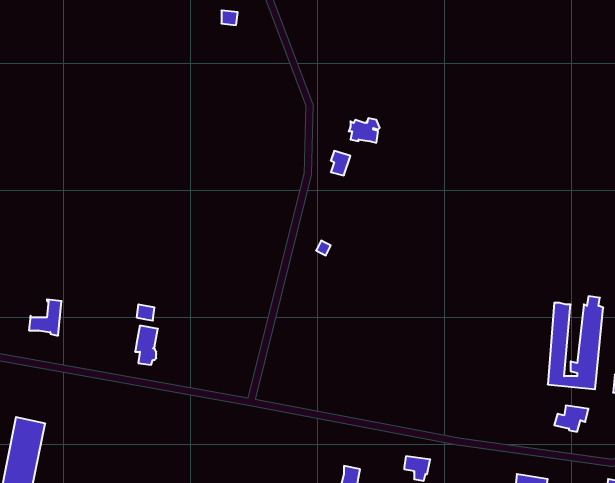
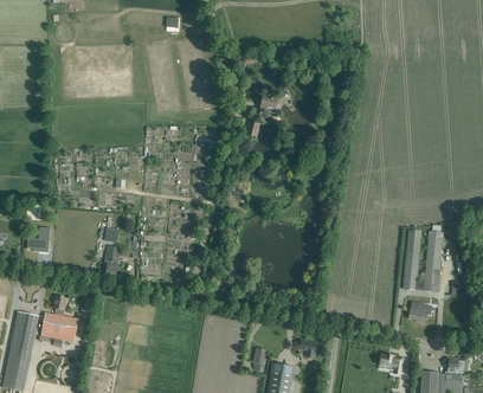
building: none -> [40,296,77,341]

